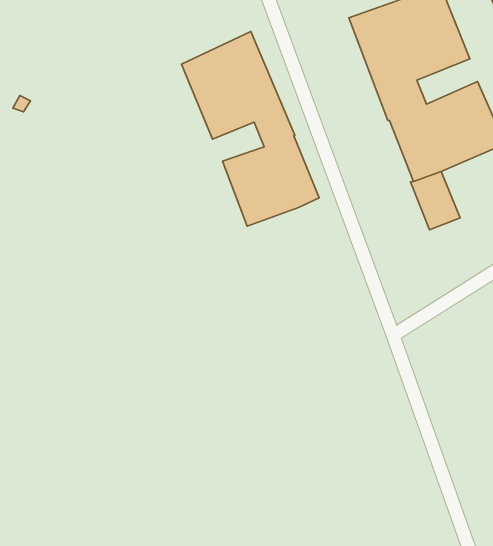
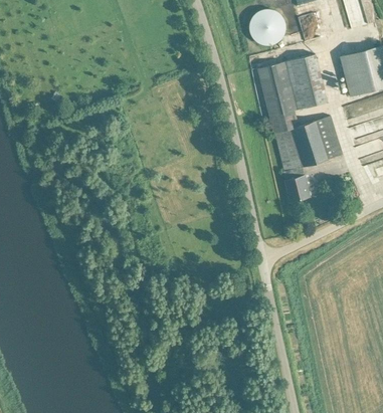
building: [181,32,319,226] -> none

